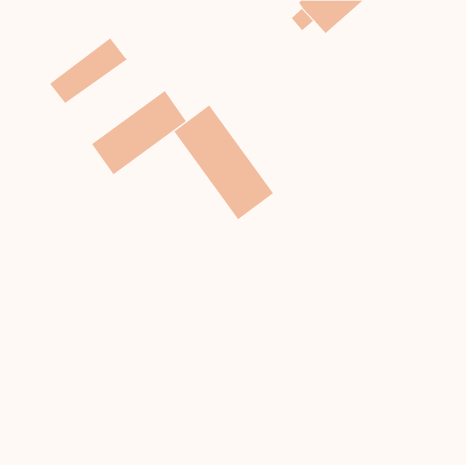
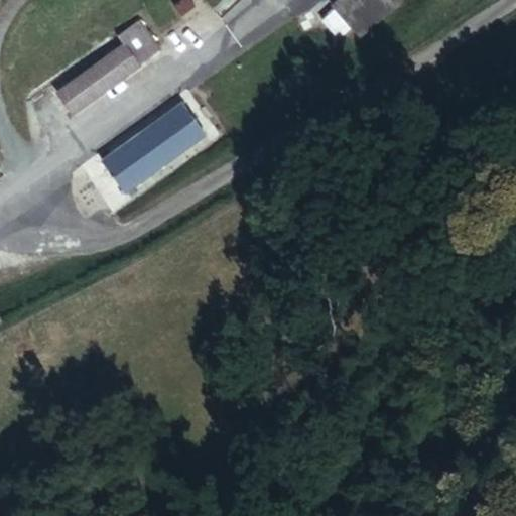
building: none -> [118,20,159,64]
building: [174,105,274,220] -> none

